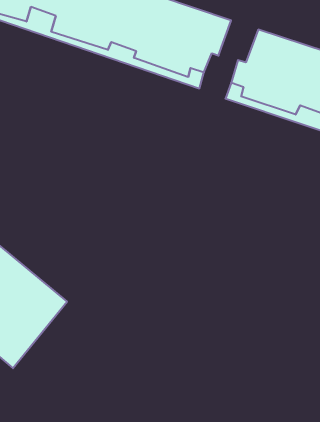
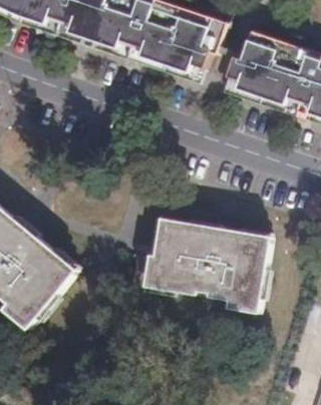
building: none -> [147,217,273,310]

